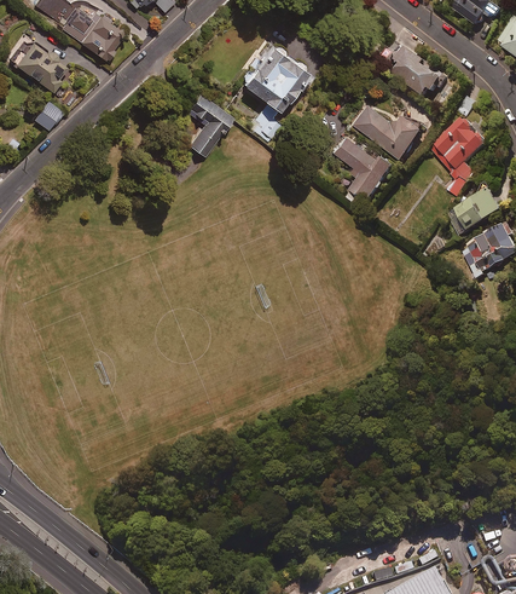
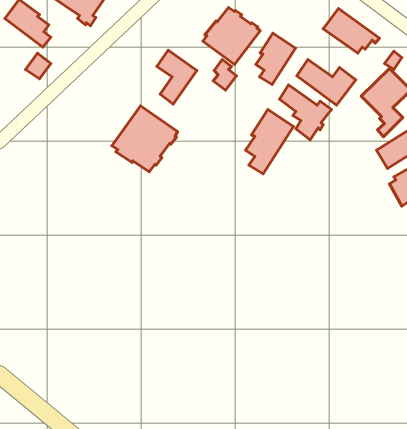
building: none -> [256,33,296,85]
building: none -> [112,106,178,172]
building: none -> [246,110,294,174]

